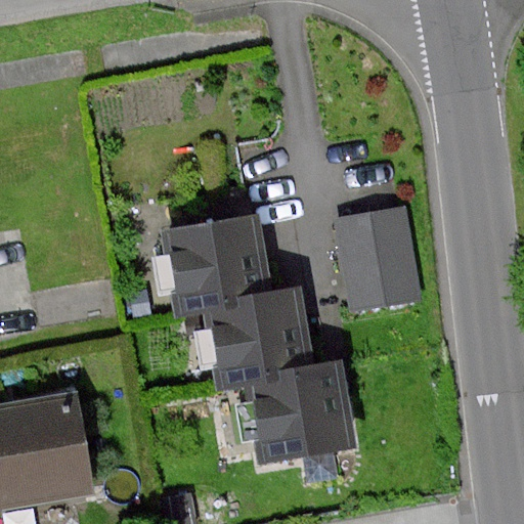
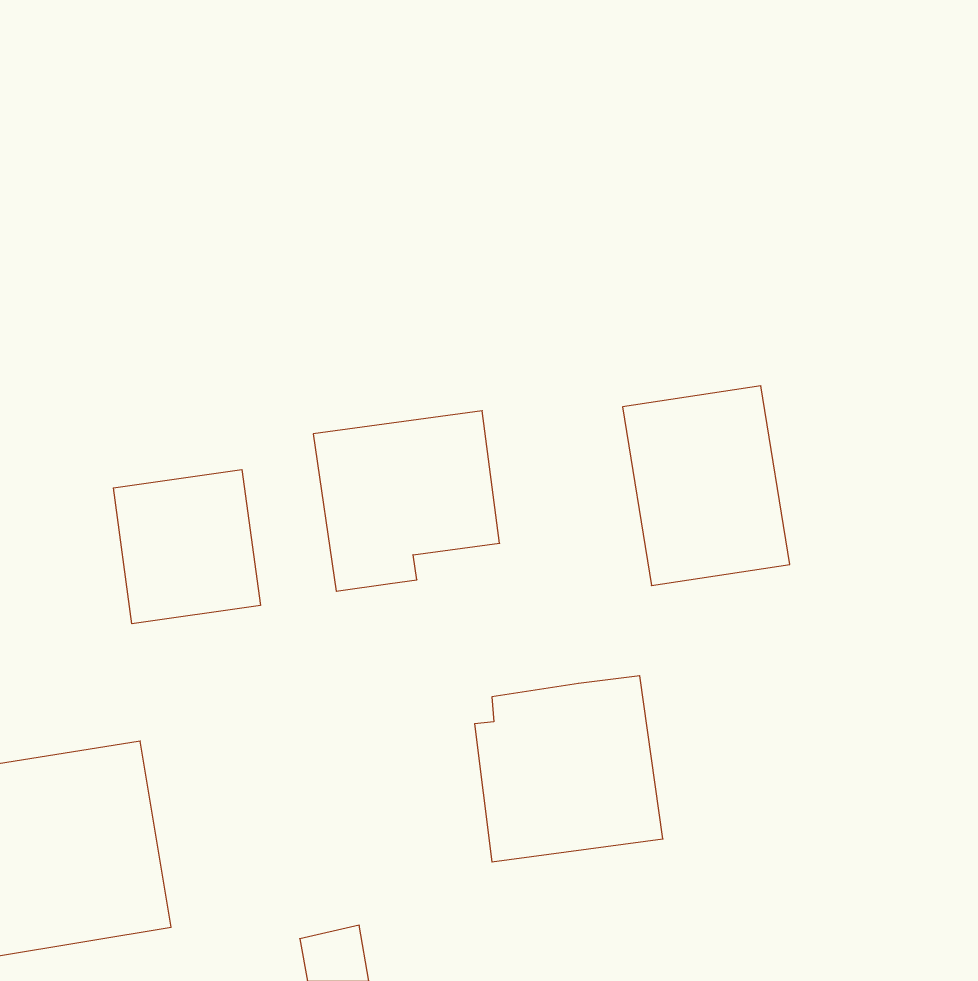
building: none -> [113,470,260,624]
building: [208,286,308,391] -> none

